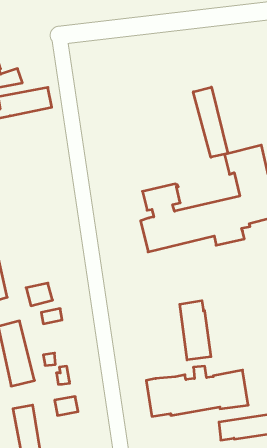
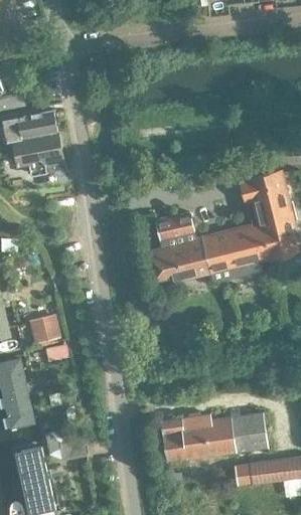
building: [193,87,228,157] -> none
building: none -> [13,131,64,174]
building: [180,301,211,360] -> none

